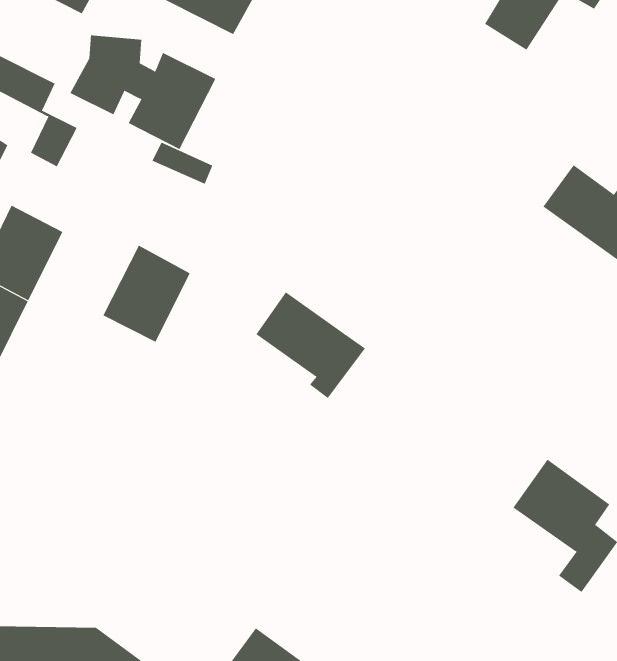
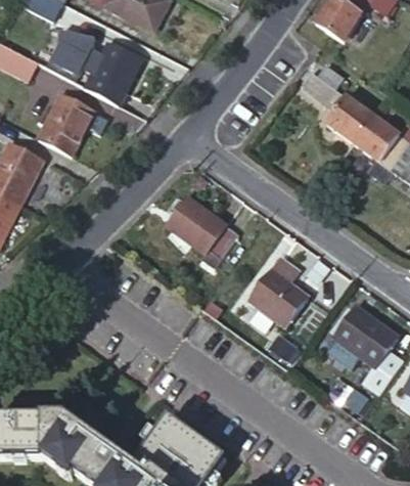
building: none -> [301,64,373,142]
building: [102,245,191,342] -> [37,92,94,156]
building: none -> [250,257,309,325]

